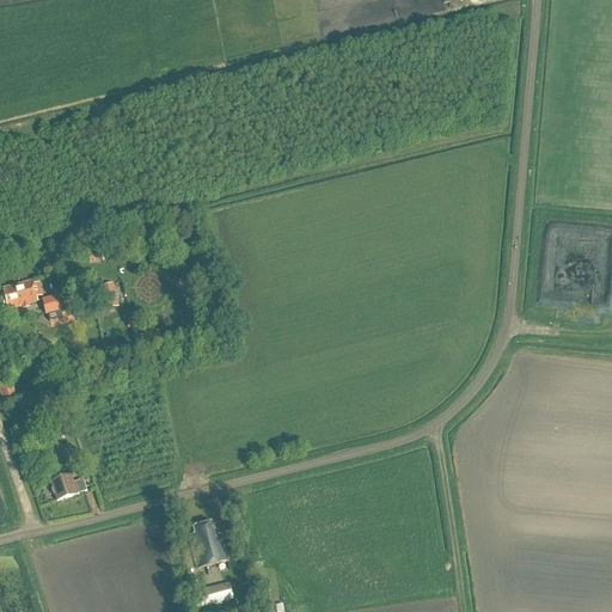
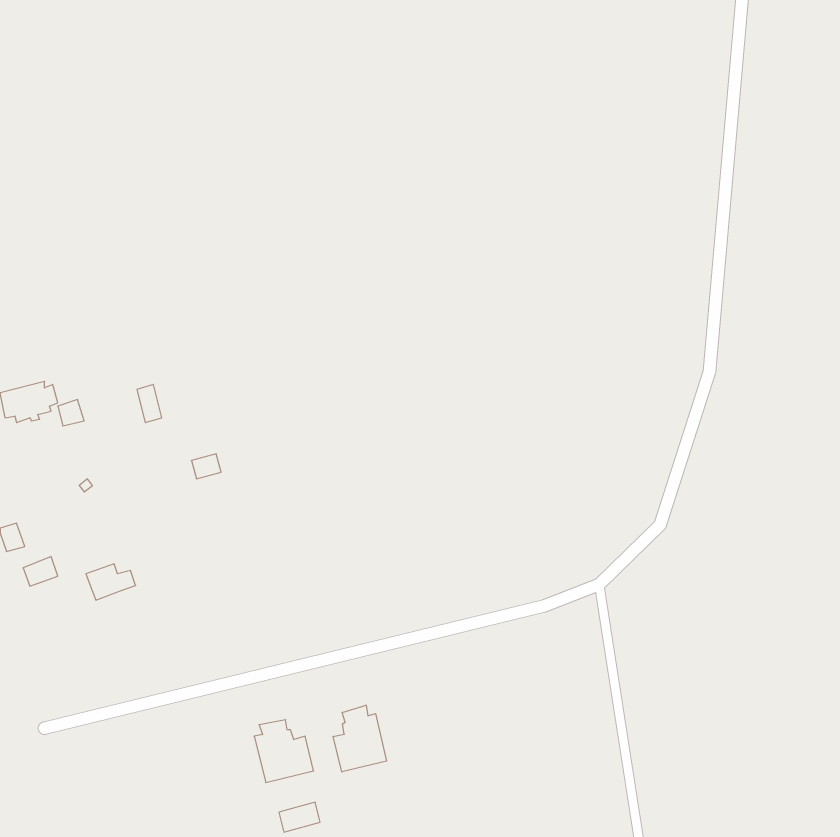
building: [51,472,87,498] -> [86,564,136,600]
building: none -> [333,705,386,772]

